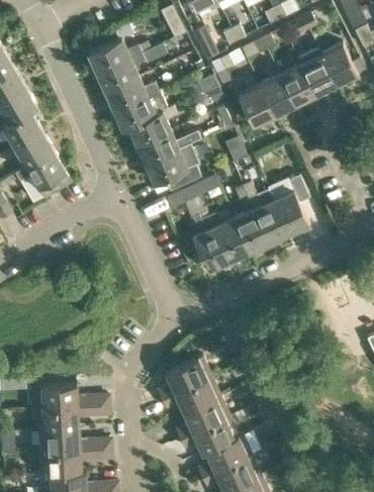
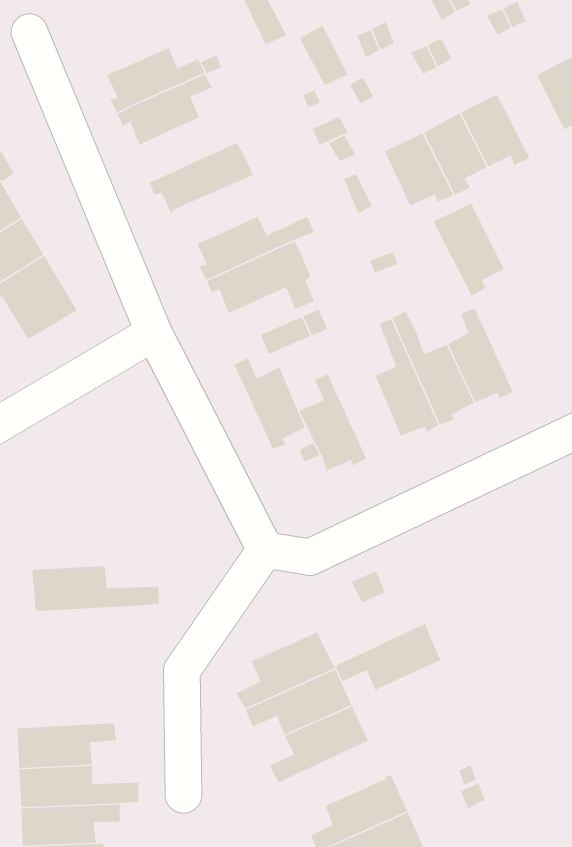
building: [297,47,337,99] -> [433,202,505,297]
building: [105,77,159,112] -> none
building: [124,106,177,145] -> none
building: [208,212,248,263] -> [233,357,306,450]
building: [36,384,106,409] -> [31,566,159,612]
building: [181,416,240,454] -> [334,623,442,692]

